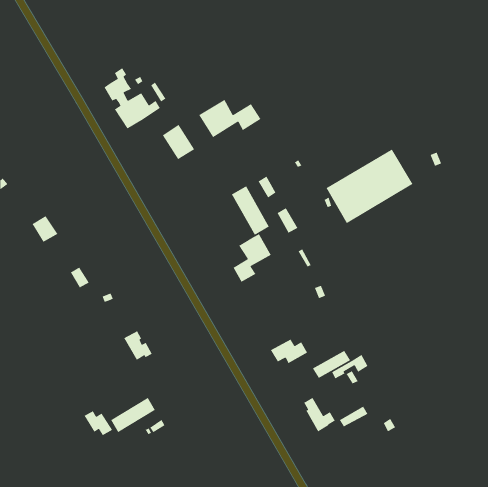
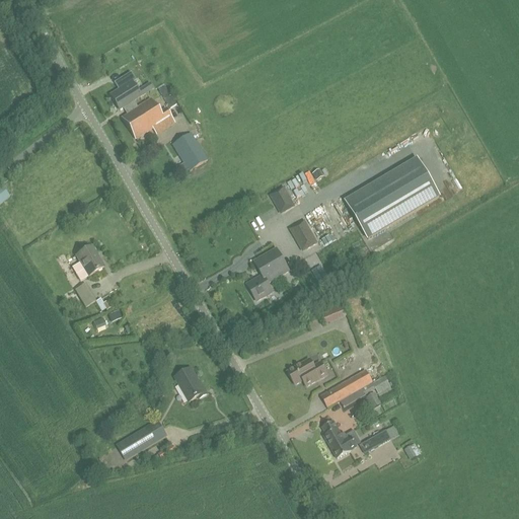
building: [198,99,262,138] -> none
building: [231,185,270,236] -> none
building: [32,215,58,243] -> [75,244,103,274]
building: [123,330,153,361] -> [174,367,206,399]
building: [84,410,113,436] -> none

